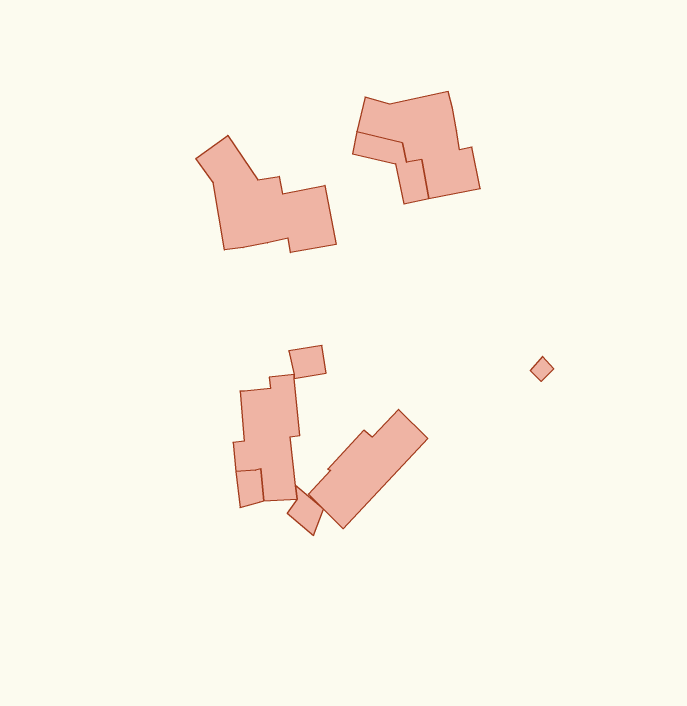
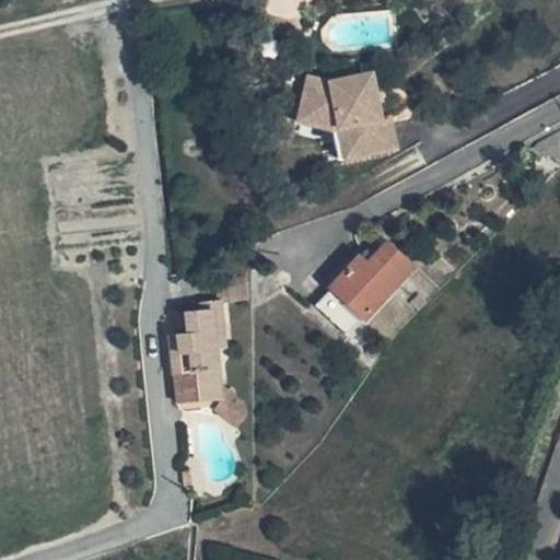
building: [196,135,336,253] -> none
building: [308,409,428,529] -> [329,235,423,329]

